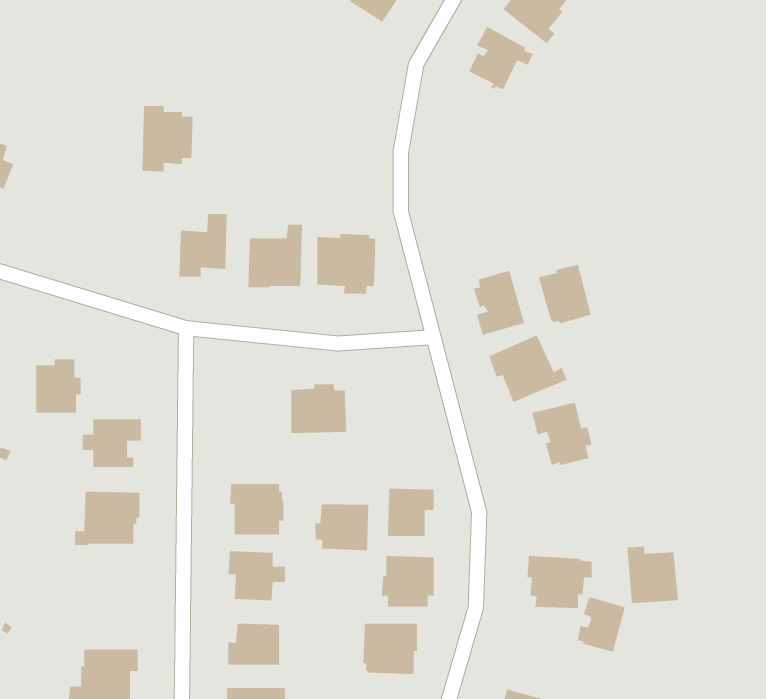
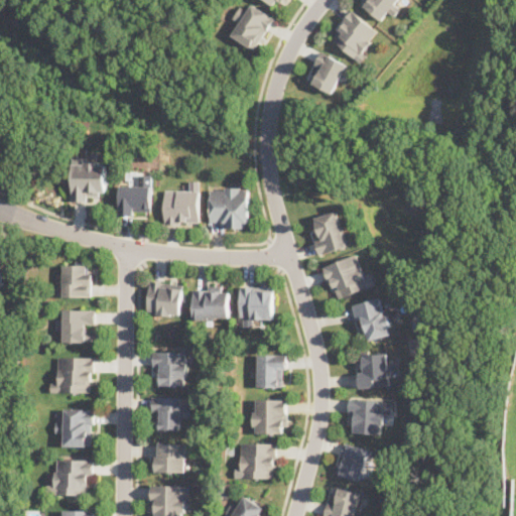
building: [141,105,194,173] -> [71,158,105,203]
building: [538,264,592,325] -> none
building: [35,358,81,414] -> [61,262,92,298]
building: none -> [145,280,181,318]
building: none -> [238,287,273,321]
building: [315,504,369,551] -> none
building: [627,545,679,604] -> [354,351,388,389]
building: none -> [53,409,93,446]
building: [577,596,626,653] -> [335,444,367,482]

